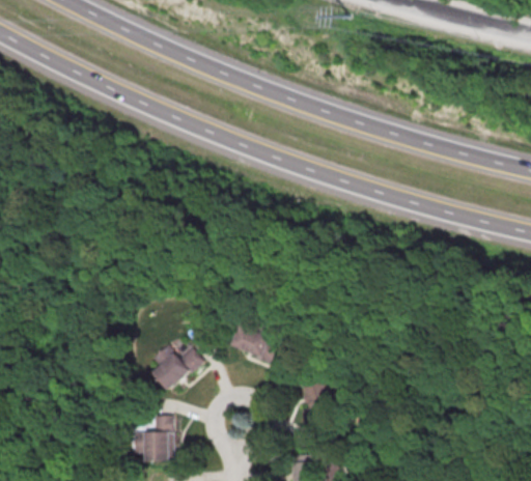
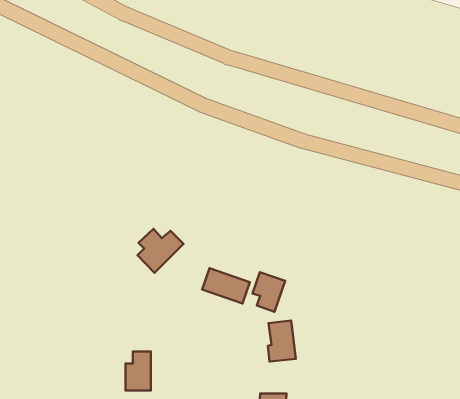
building: none -> [253,272,285,312]
building: [149,343,200,392] -> [138,229,184,273]

